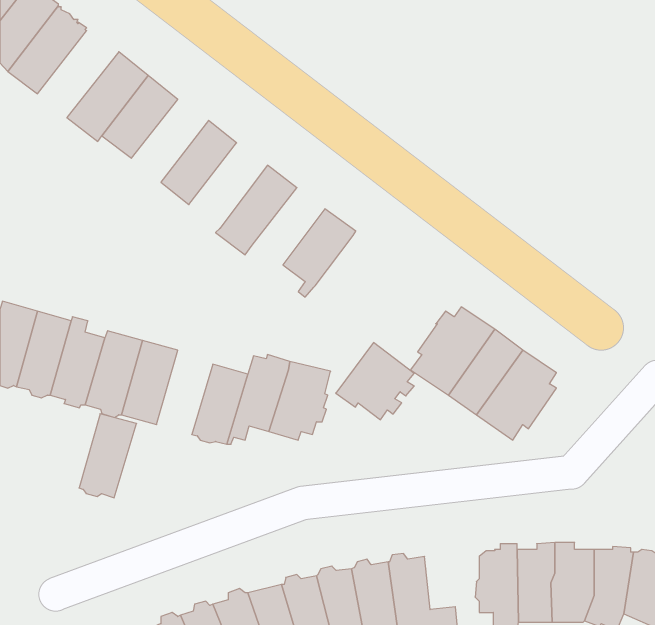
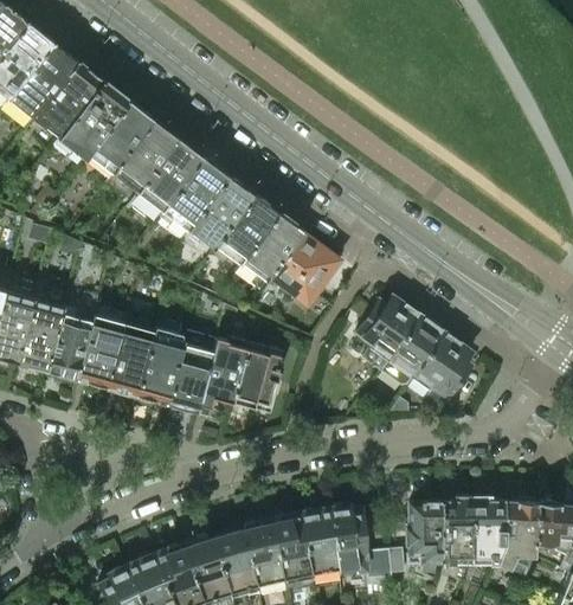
building: none -> [27,60,104,136]
building: none -> [115,121,180,191]
building: none -> [163,157,230,230]
building: none -> [217,195,278,262]
building: [336,343,414,420] -> [270,236,336,301]
building: [79,414,137,498] -> [136,333,185,404]

